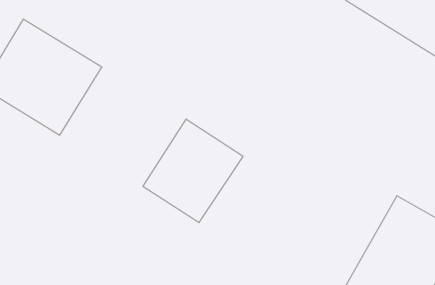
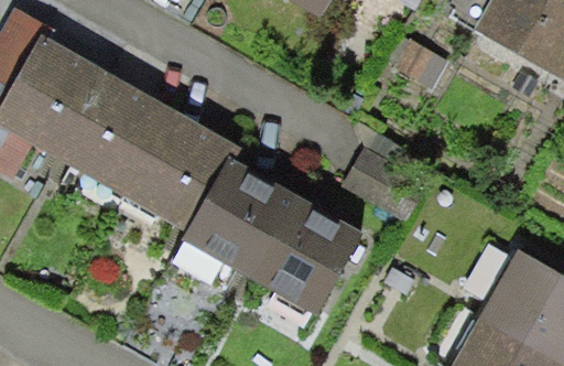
building: none -> [91,96,247,243]
building: none -> [263,206,382,330]

